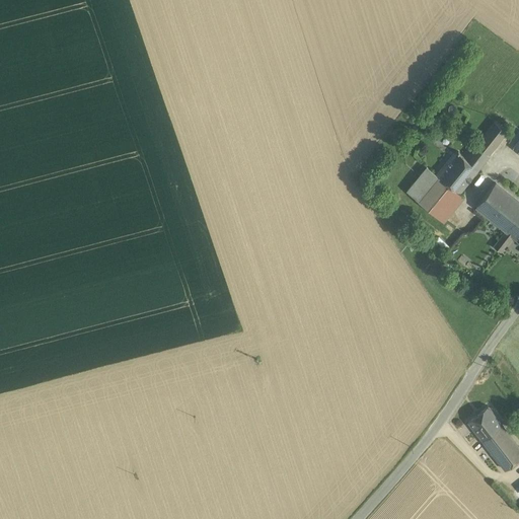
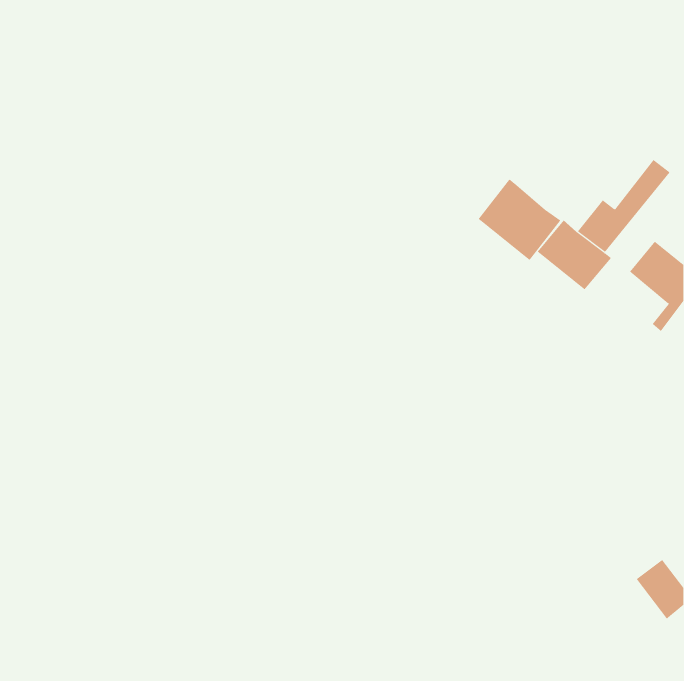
building: none -> [478,179,561,261]
building: [467,407,502,441] -> none

